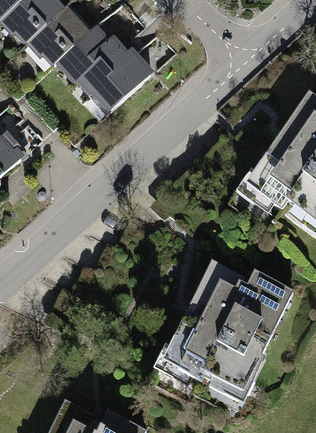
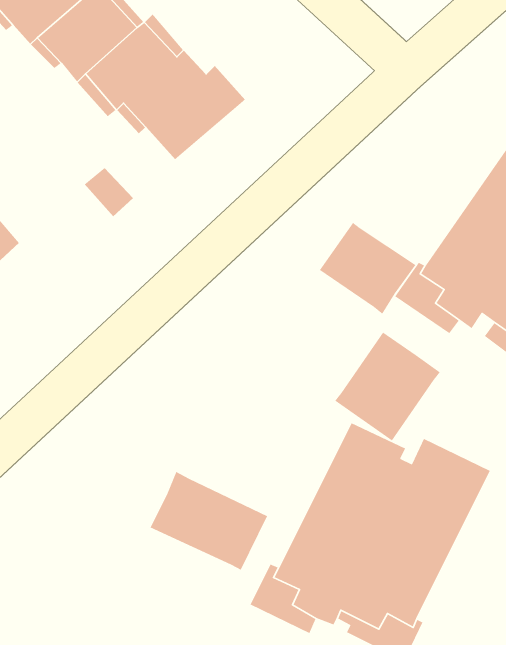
building: none -> [319,222,416,315]
building: none -> [334,331,441,442]
building: none -> [150,471,268,571]

